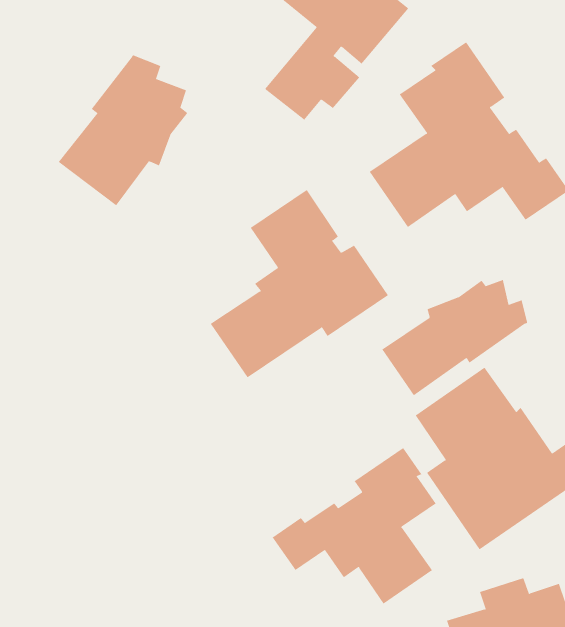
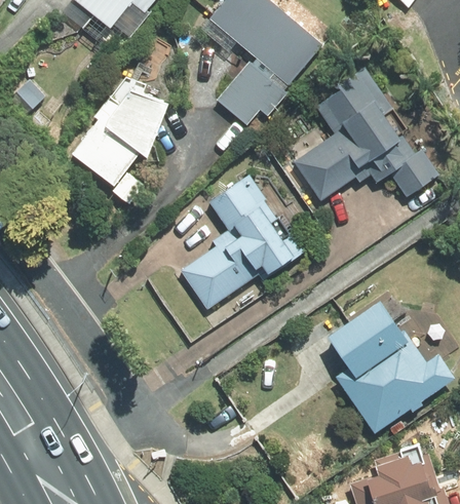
building: [382,279,528,396] -> none
building: [272,447,436,604] -> none

